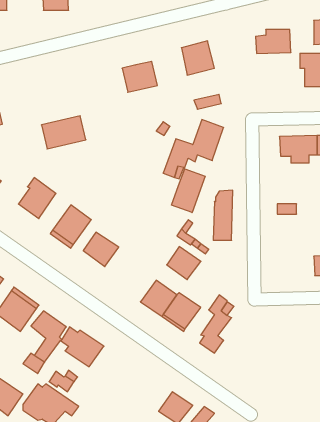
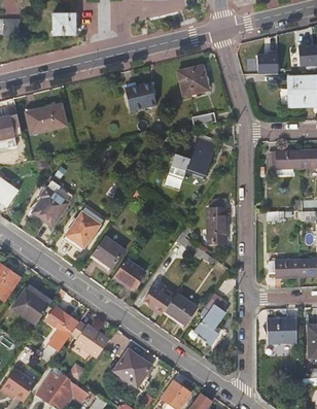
building: [41,116,86,149] -> [30,105,70,135]
building: [172,169,205,213] -> none
building: [167,247,201,280] -> [113,259,144,288]
building: none -> [270,258,301,276]
building: none -> [267,315,295,341]
building: none -> [112,347,152,387]

